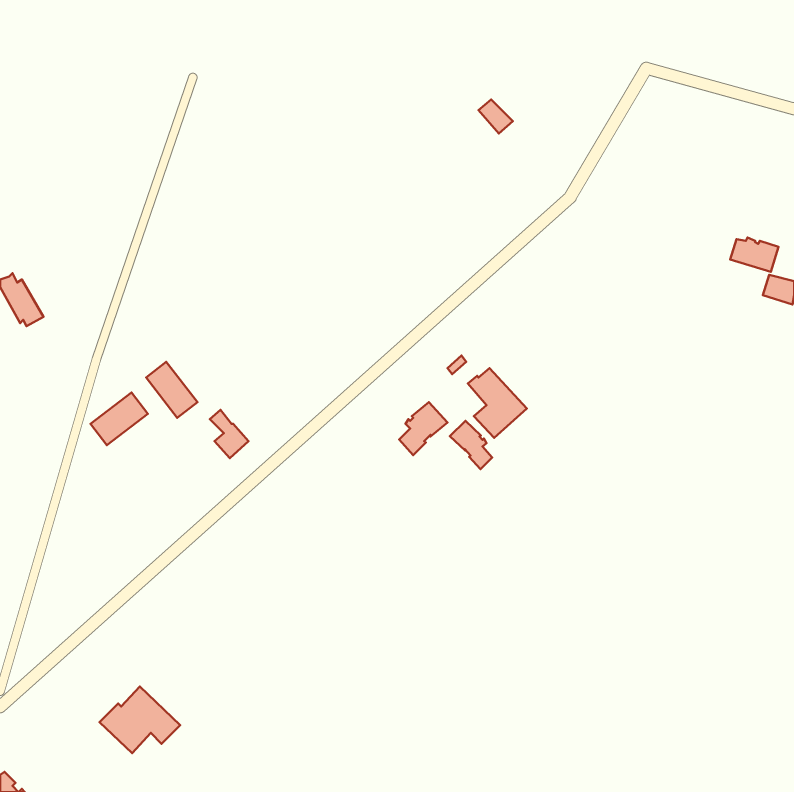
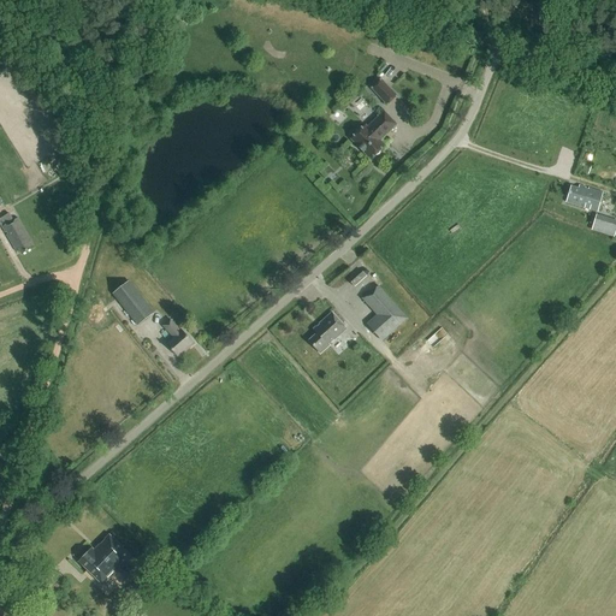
building: none -> [351,111,396,158]
building: [91,392,148,445] -> none
building: [450,421,492,469] -> none

